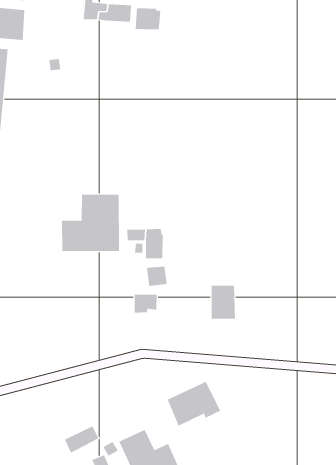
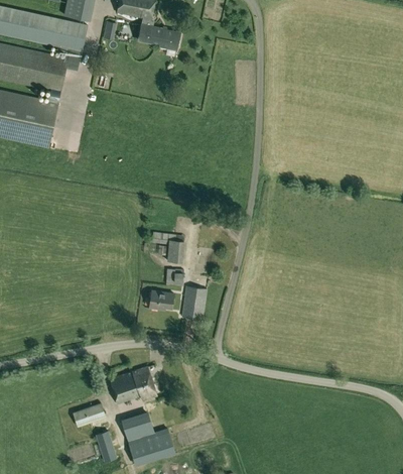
building: [135,7,161,30] -> none
building: [62,194,119,252] -> none
building: [211,285,236,319] -> [181,286,207,320]
building: [167,381,221,426] -> [110,367,157,404]

